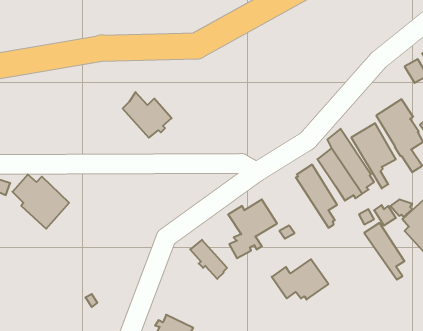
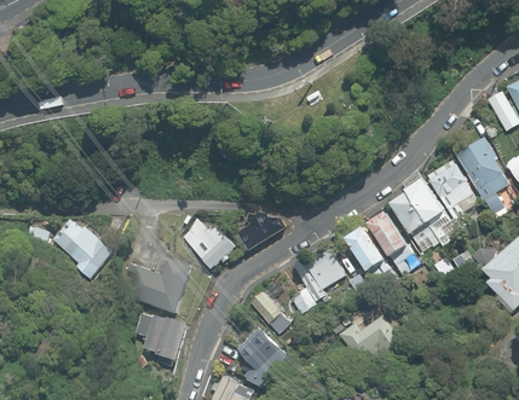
building: [123,92,172,138] -> [181,218,236,268]
building: none -> [237,213,287,251]
building: none -> [126,257,194,313]
building: [364,223,405,280] -> [345,227,390,290]
building: none -> [134,313,190,360]
building: none -> [231,327,286,387]

